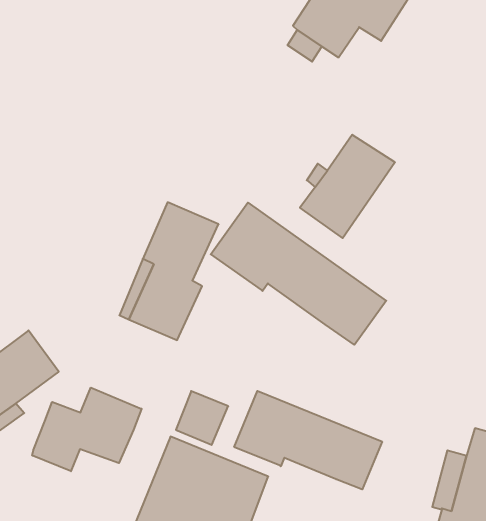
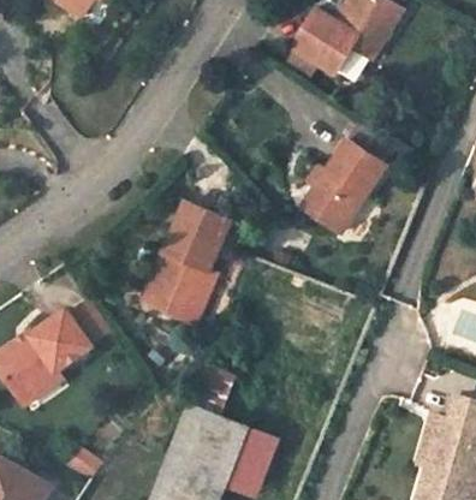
building: [211,203,386,345] -> none
building: [32,388,142,471] -> none
building: [234,391,382,489] -> none

